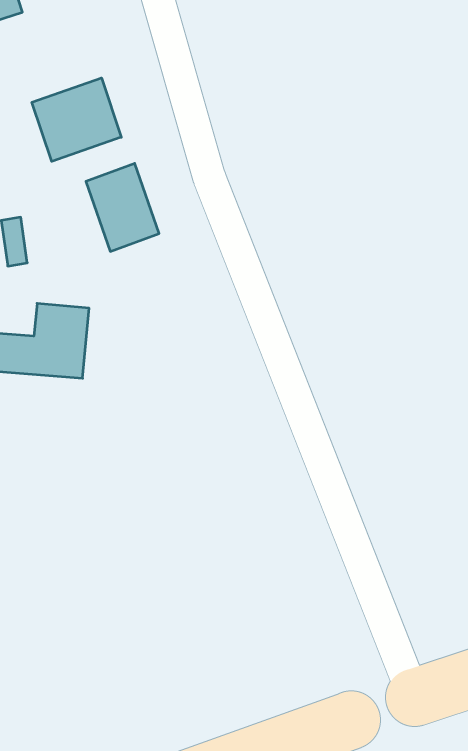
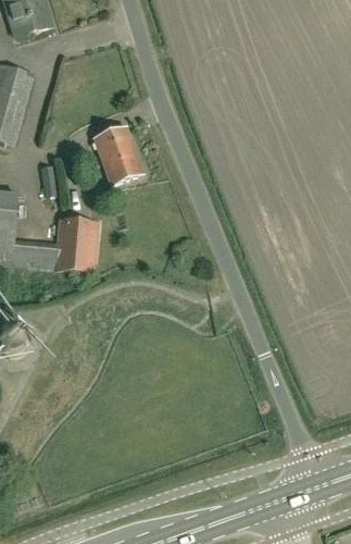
building: [32,78,121,161] -> none

